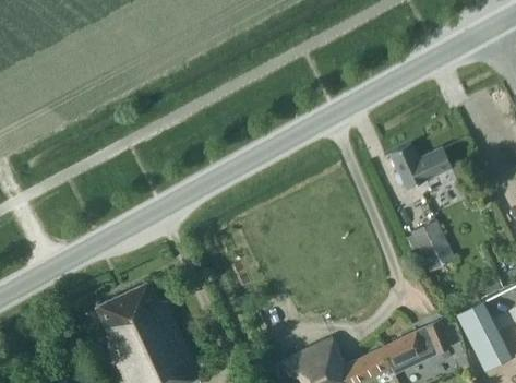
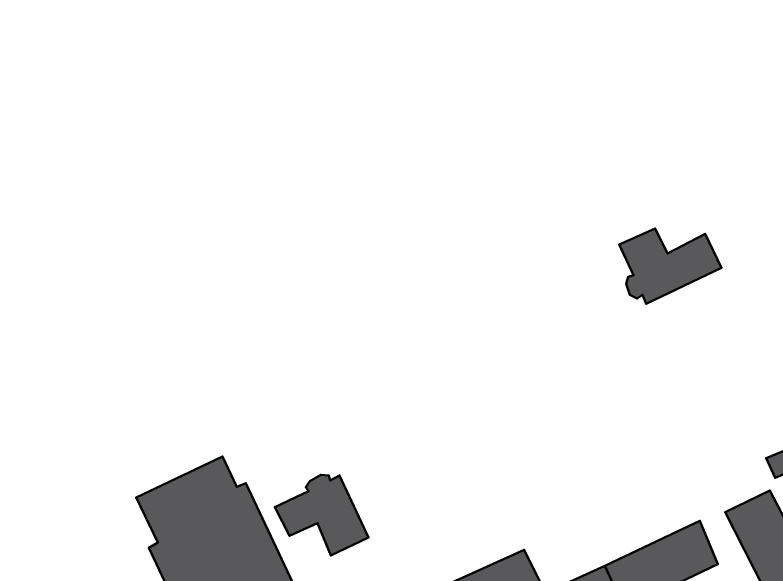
building: [407,219,456,271] -> none
building: none -> [275,475,369,555]

